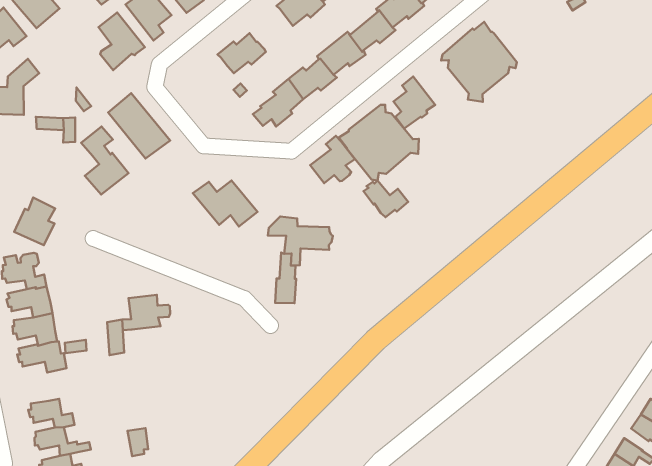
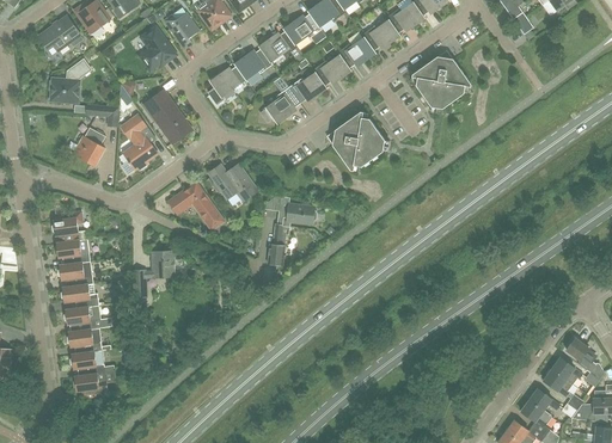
building: none -> [258,30,296,61]
building: none -> [206,66,247,104]
building: [394,76,435,129] -> none
building: [310,136,355,183] -> none
building: [363,180,408,217] -> none
building: [14,198,55,245] -> [72,127,105,165]
building: none -> [169,181,224,229]
building: none -> [63,304,111,330]

